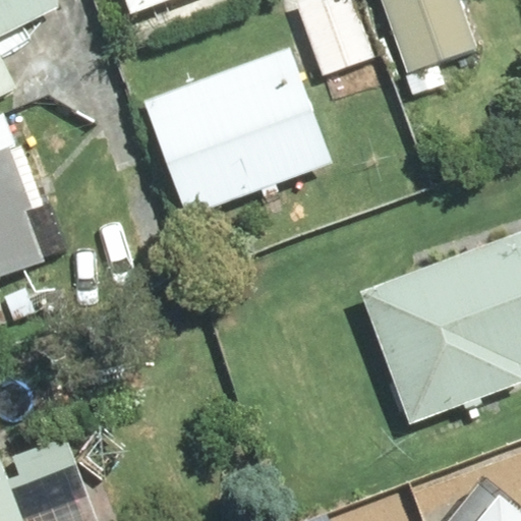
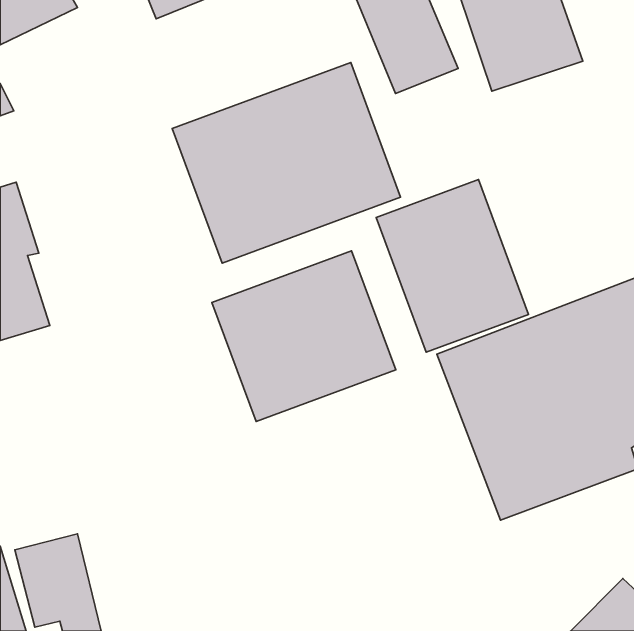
building: none -> [376,179,529,352]
building: none -> [212,251,396,421]

